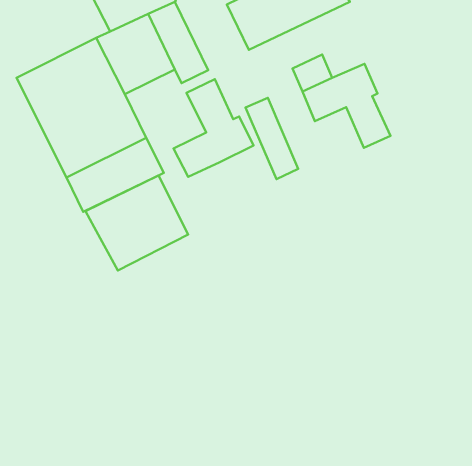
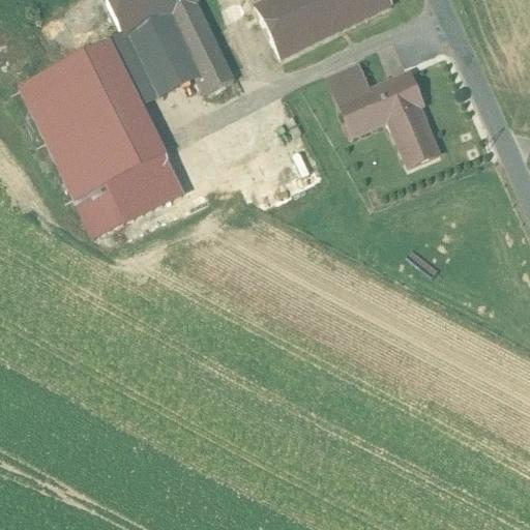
building: [173,79,253,177] -> none
building: [245,98,298,179] -> none
building: [86,175,188,271] -> none

